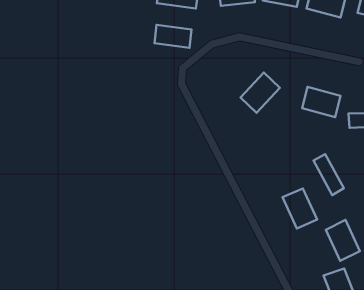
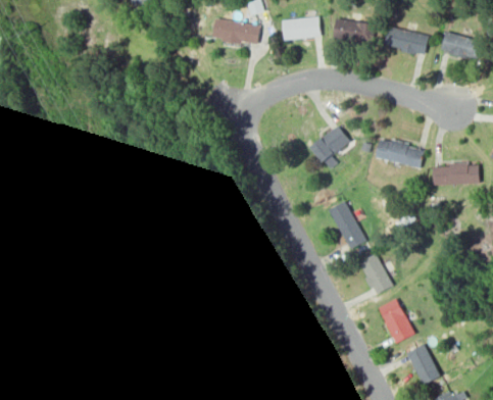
building: [154,25,192,48] -> none
building: [313,154,344,195] -> [331,200,365,247]
building: [326,220,360,261] -> [376,302,414,349]

